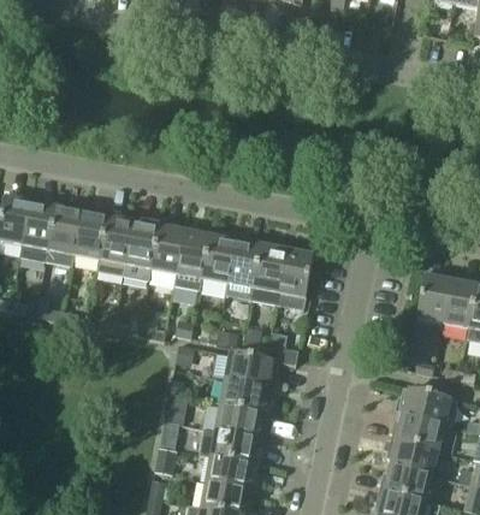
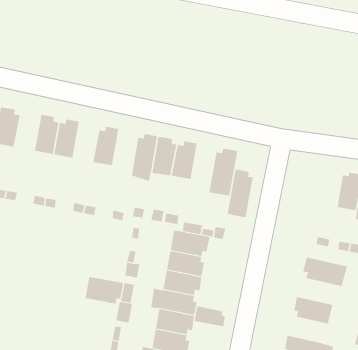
building: [22,200,57,250] -> none
building: [96,212,132,277] -> none
building: [150,221,183,274] -> none
building: [250,241,285,304] -> [227,169,253,218]
building: [416,271,450,324] -> none
building: none -> [85,276,124,304]
building: [390,416,444,451] -> none
building: none -> [194,306,226,327]
building: [378,467,432,502] -> none

